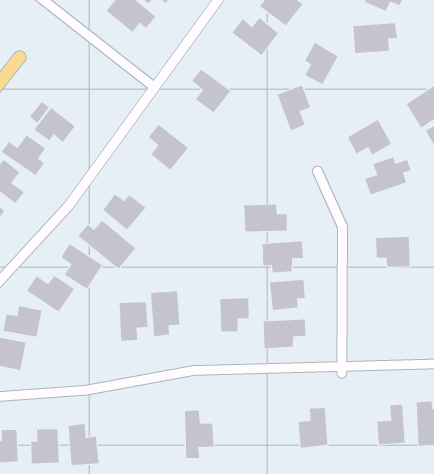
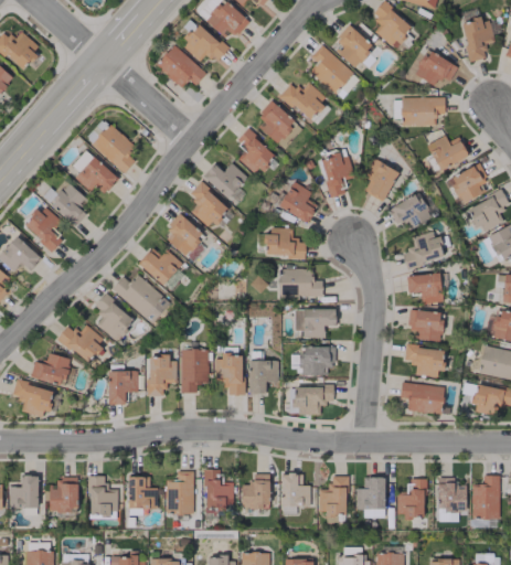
building: none -> [258,100,304,150]
building: [305,42,339,85] -> [364,159,400,202]
building: none -> [428,137,468,170]
building: none -> [93,125,136,174]
building: none -> [203,163,247,199]
building: none -> [279,182,318,223]
building: none -> [163,214,205,256]
building: none -> [266,228,307,258]
building: none -> [407,275,443,303]
building: none -> [404,345,446,377]
building: none -> [215,356,244,396]
building: none -> [401,383,445,414]
building: none -> [108,371,138,405]
building: none -> [355,477,385,519]
building: none -> [281,473,311,515]
building: none -> [243,475,270,509]
building: none -> [166,471,194,515]
building: none -> [128,477,158,515]

